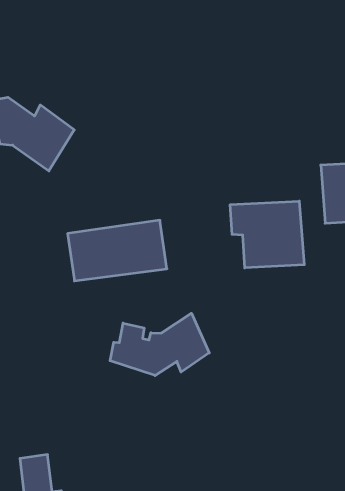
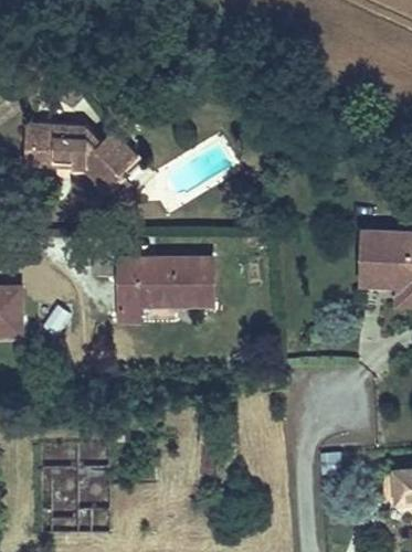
building: [230,201,304,268] -> none
building: [110,313,209,376] -> none

